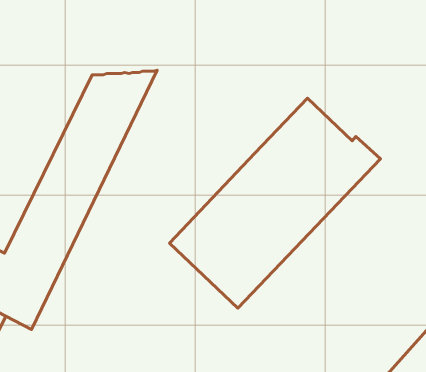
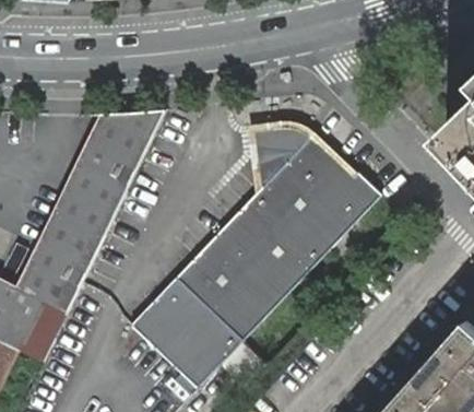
building: none -> [248,125,311,187]
building: none -> [129,274,268,393]

